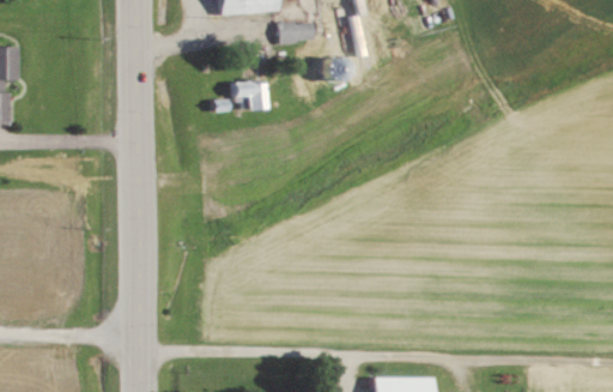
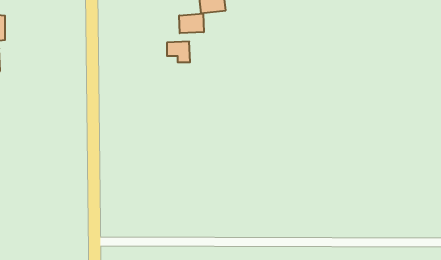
building: none -> [179,13,204,33]

